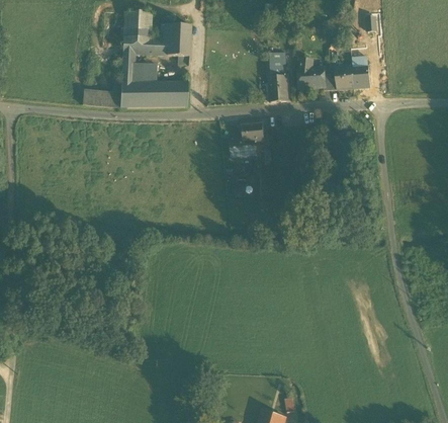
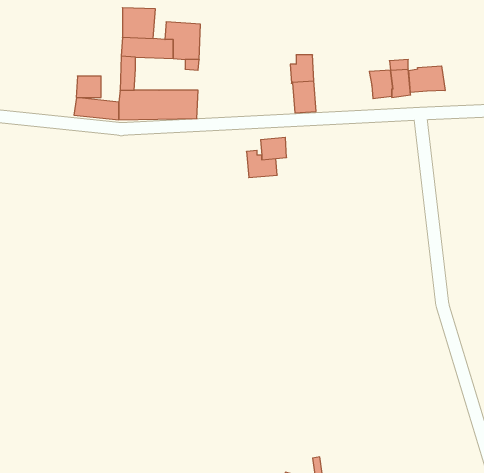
building: [301,59,327,87] -> none
building: none -> [409,66,445,93]
building: [136,64,157,82] -> [76,76,101,97]

